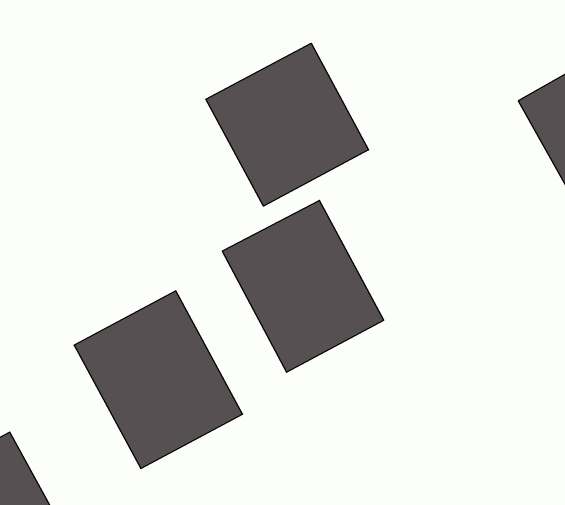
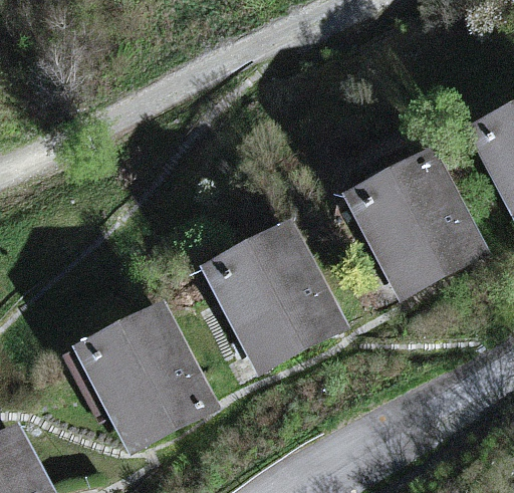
building: [206,43,369,206] -> none
building: none -> [343,146,491,301]

